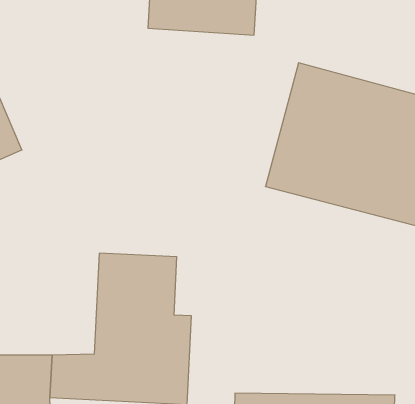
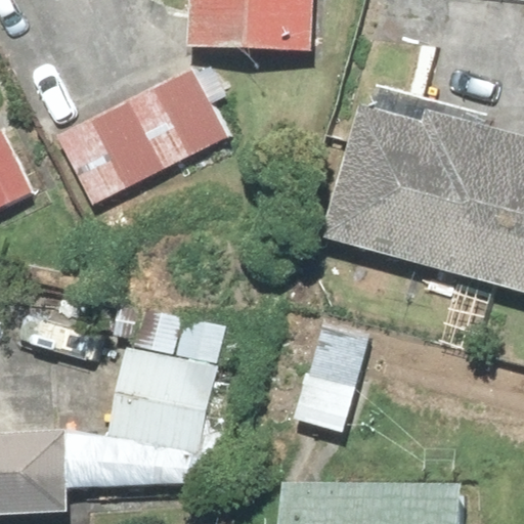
building: none -> [63,64,227,201]
building: none -> [292,319,376,435]

